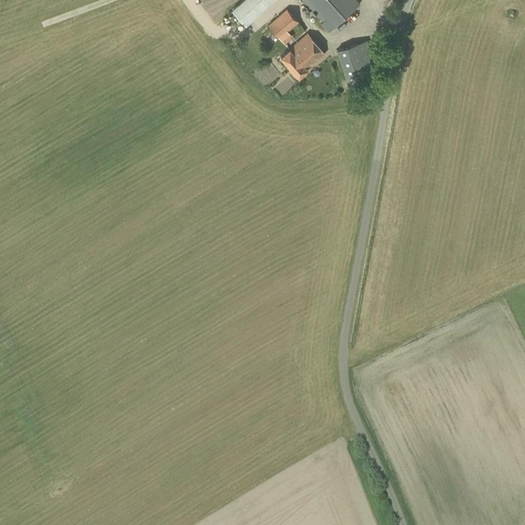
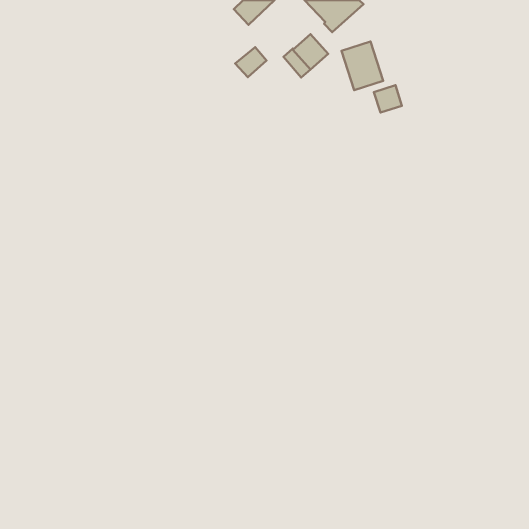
building: [268,8,298,38] -> [235,47,266,77]
building: none -> [374,85,402,113]

